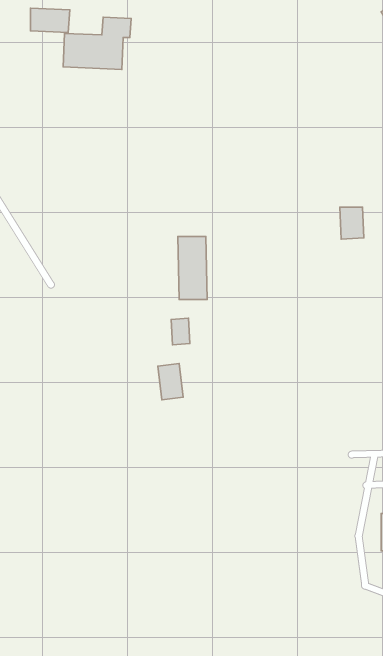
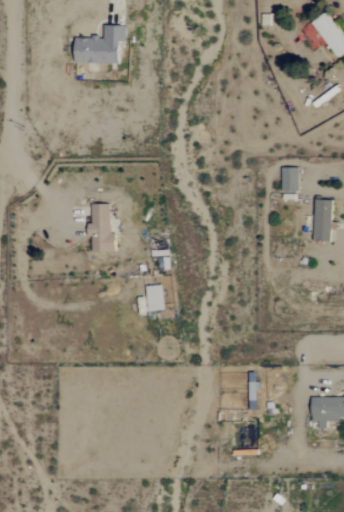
building: [31,8,70,33] -> none
building: [178,237,207,299] -> [90,205,112,252]

